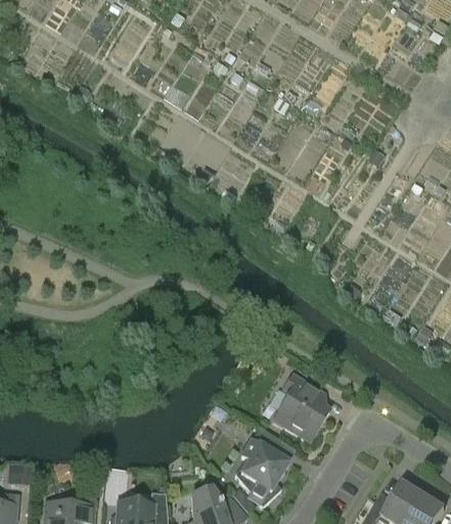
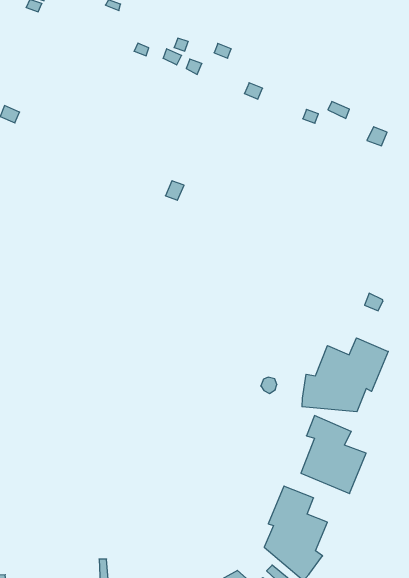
building: none -> [302,338,388,412]

